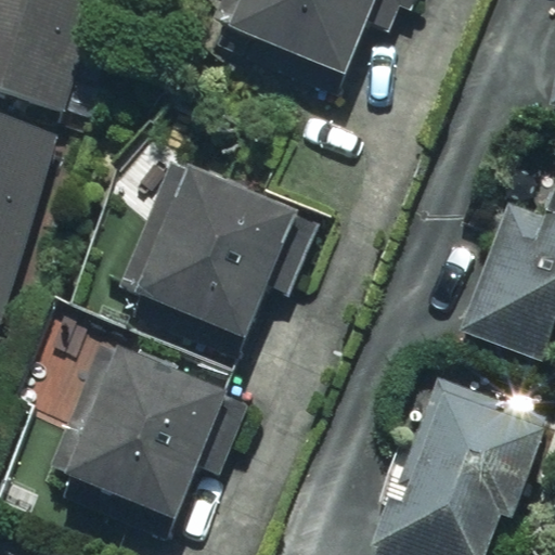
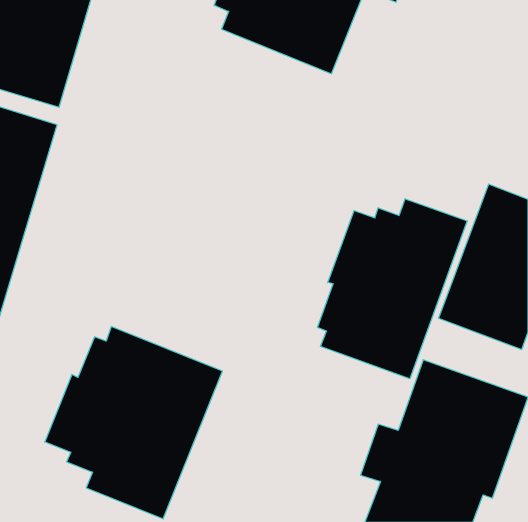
building: [121,159,300,354] -> none
building: none -> [318,199,467,379]

